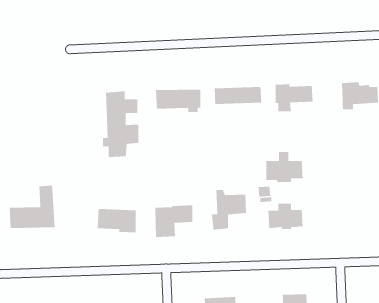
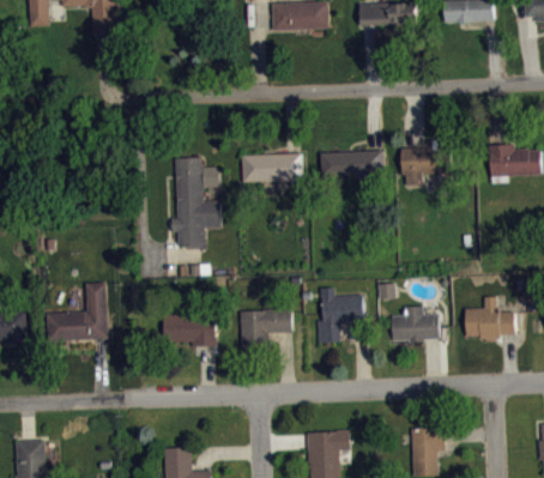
building: [266,151,303,183] -> [466,297,516,339]

